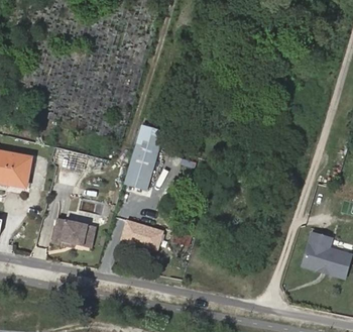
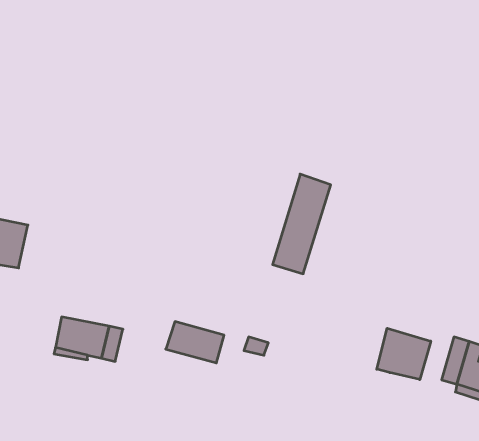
building: [125,124,163,190] -> [273,174,331,274]
building: none -> [377,328,431,380]

